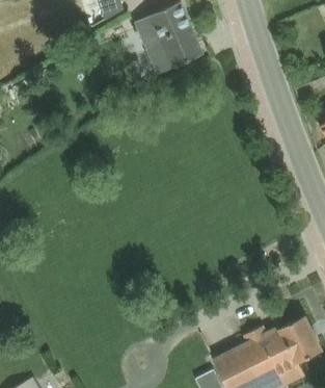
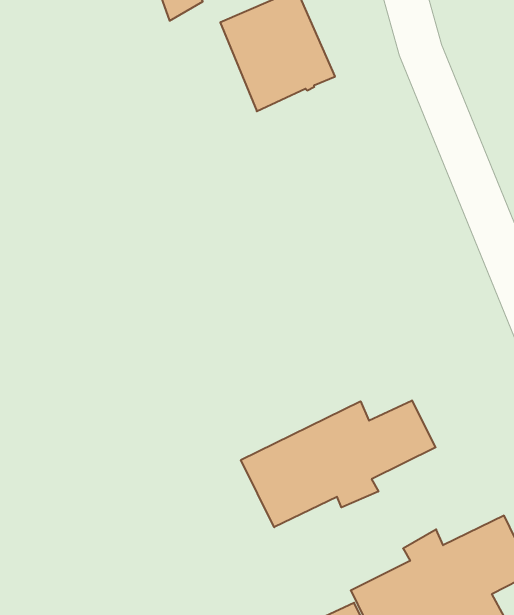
building: none -> [241,400,436,527]

